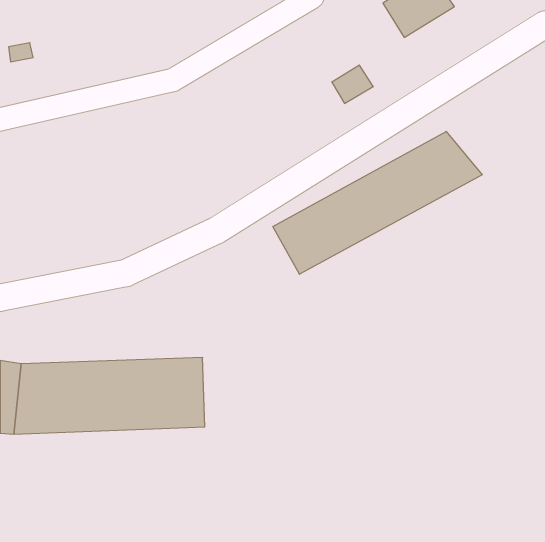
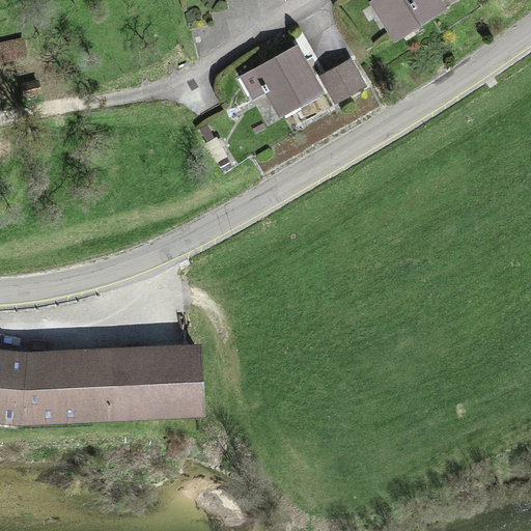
building: none -> [237,47,320,113]
building: [273,131,482,274] -> none

